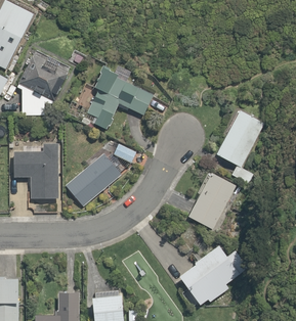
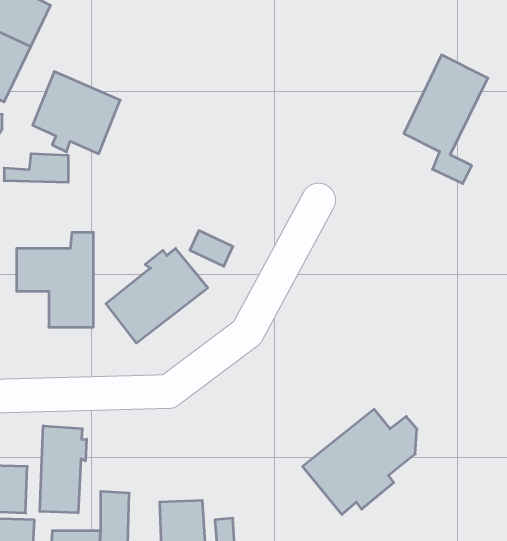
building: [86,68,151,131] -> none
building: [216,108,264,182] -> [404,55,488,184]
building: [188,173,236,229] -> none
building: none -> [40,426,87,513]

